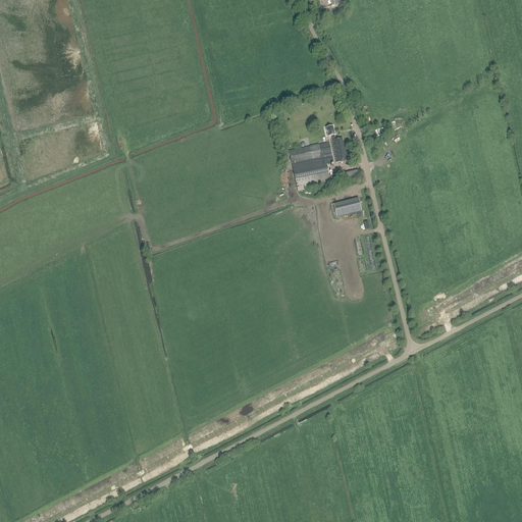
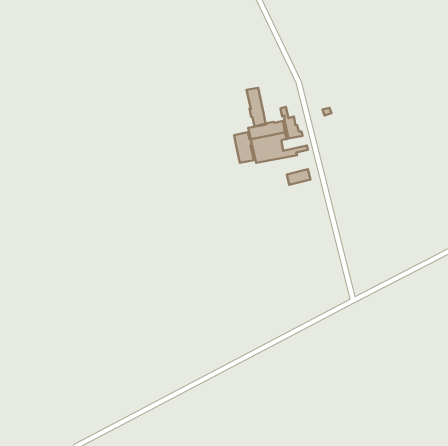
building: none -> [247,88,266,126]
building: none -> [234,132,254,163]

